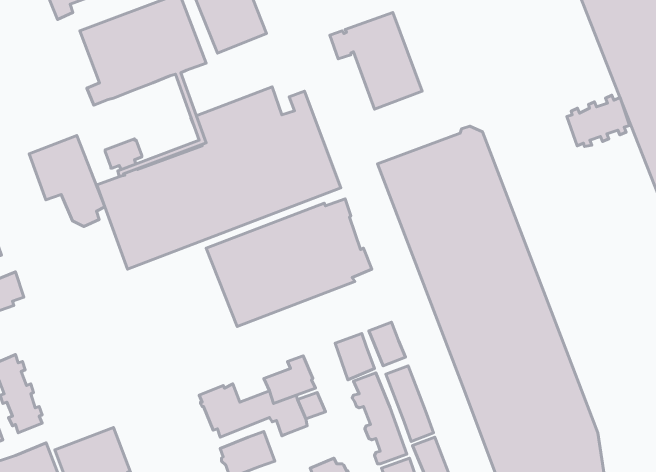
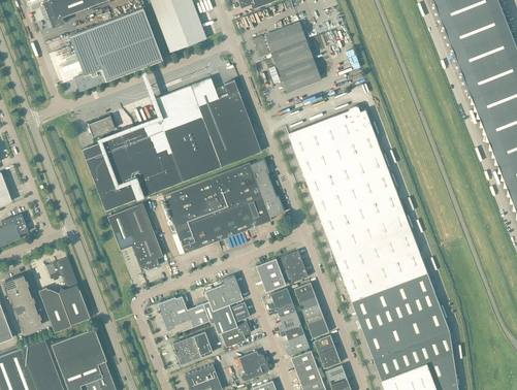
building: [567,95,630,147] -> none
building: [29,136,105,227] -> [107,203,163,270]
building: none -> [38,258,90,331]
building: none -> [220,323,251,348]

